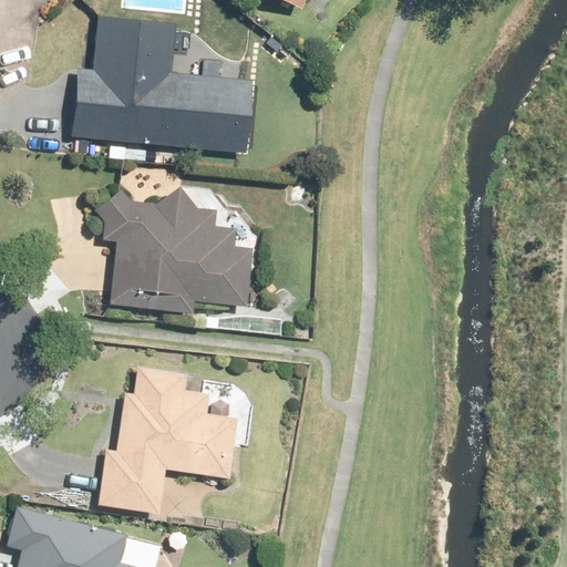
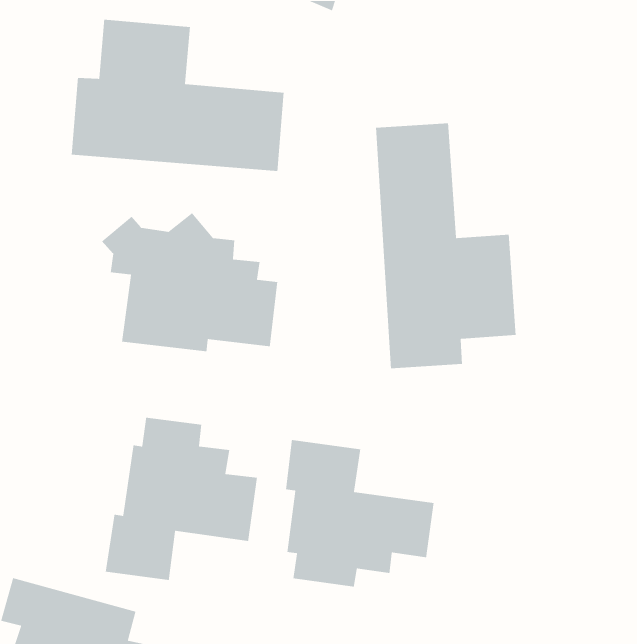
building: none -> [375,123,517,369]
building: none -> [285,439,434,588]

